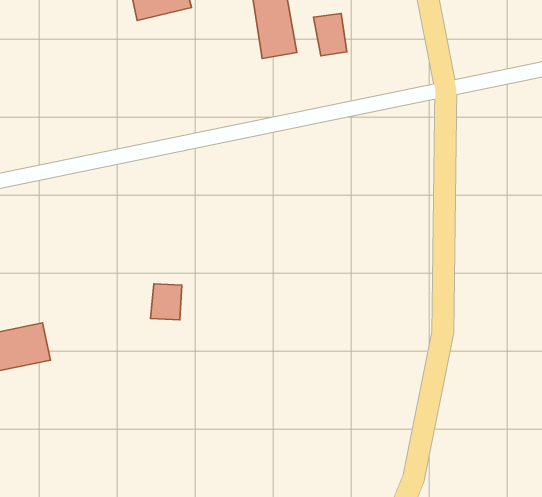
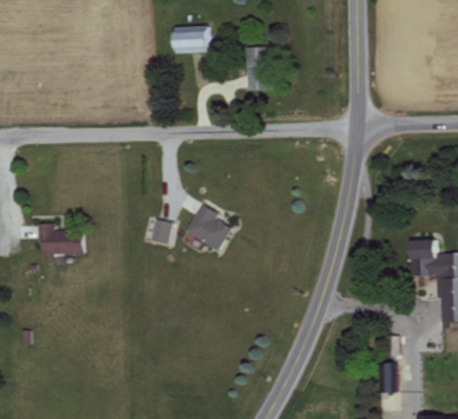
building: [314,14,347,56] -> none
building: none -> [185,203,231,251]

